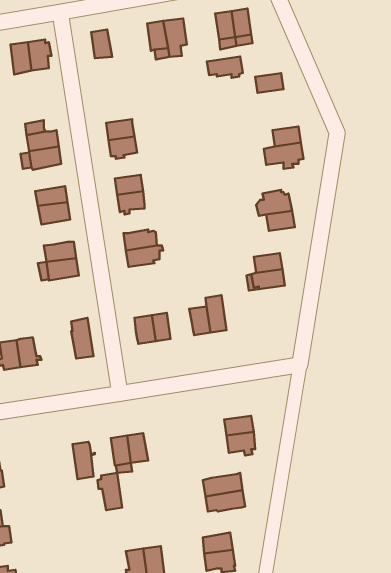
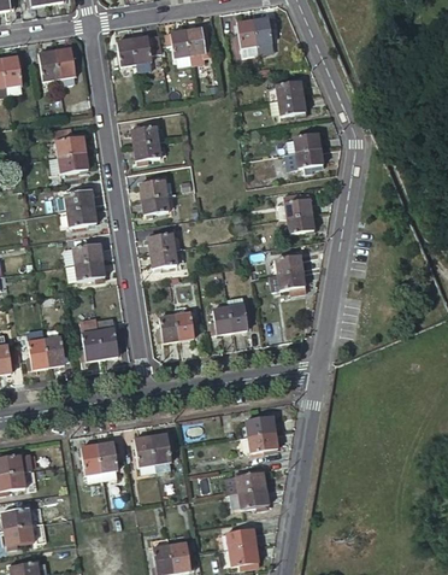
building: none -> [132,35,163,72]
building: [207,57,243,78] -> [271,96,306,117]
building: none -> [79,319,102,362]
building: [97,473,122,510] -> [79,441,104,477]

